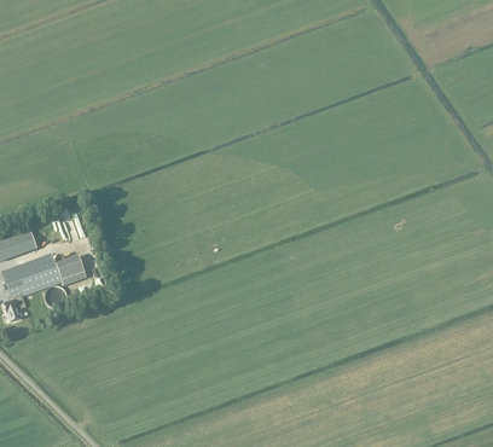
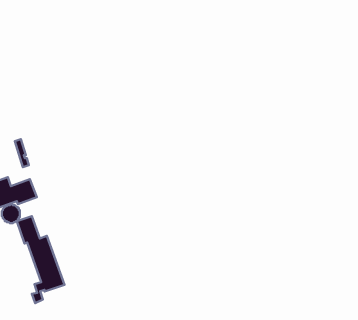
building: none -> [17,216,64,303]

